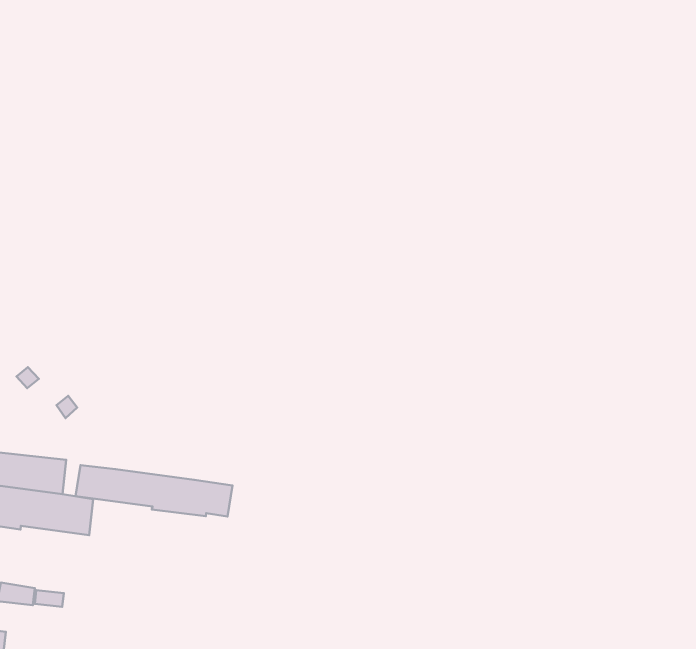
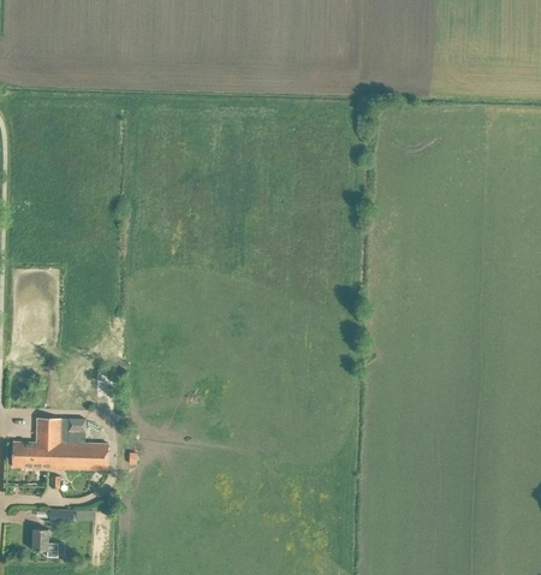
building: [75,465,233,517] -> none

